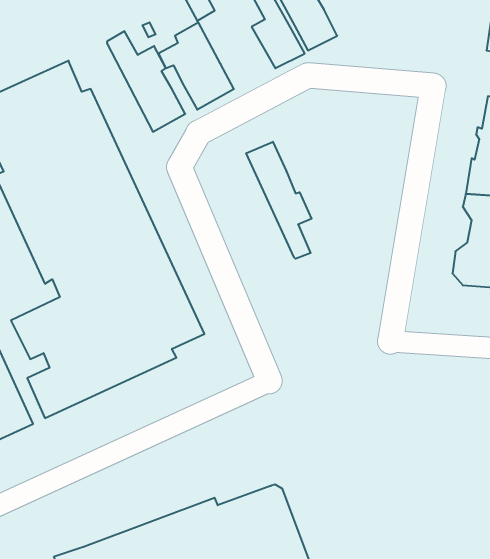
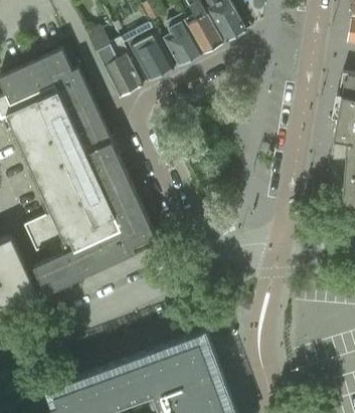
building: none -> [161,22,202,68]
building: [246,142,312,259] -> none

